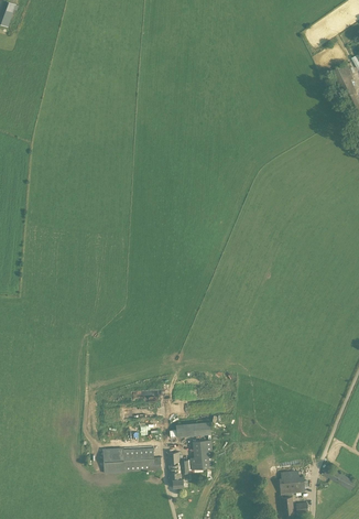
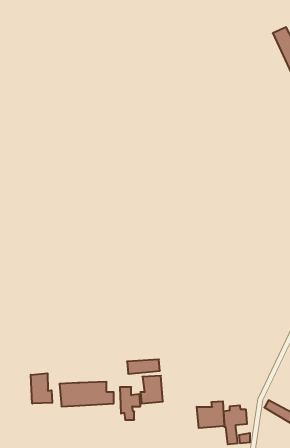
building: none -> [31,373,52,404]
building: none -> [197,401,224,428]

